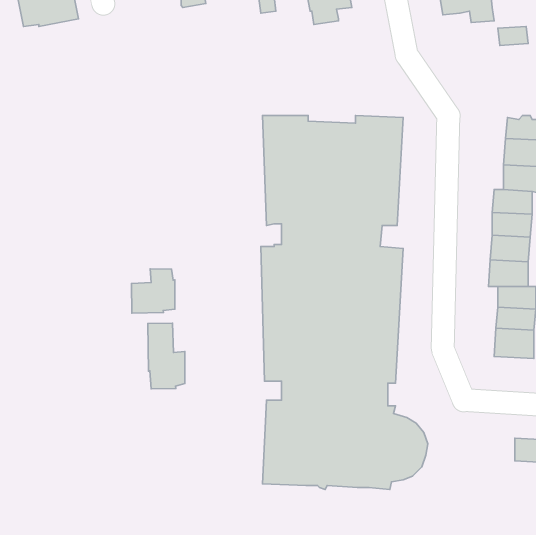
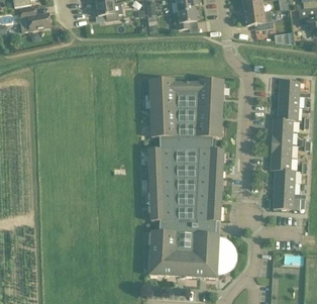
building: [132,269,175,313] -> none
building: [148,323,185,389] -> none

